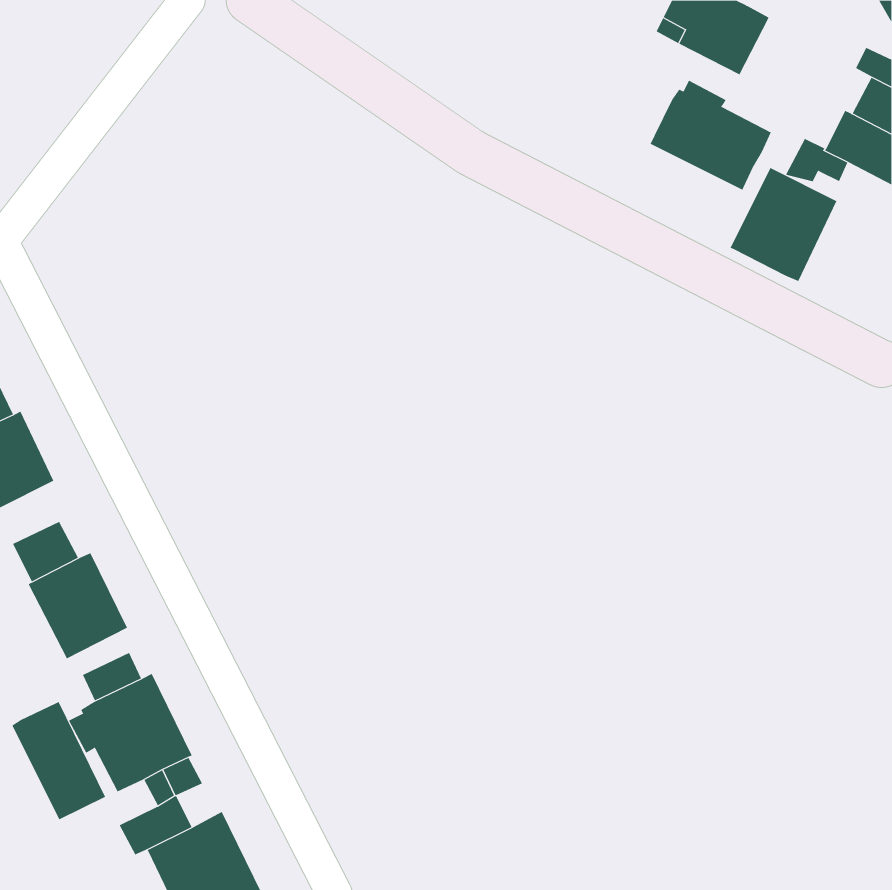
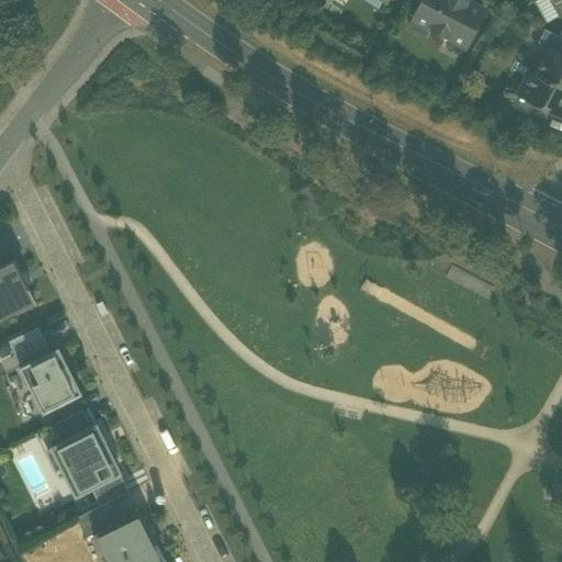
building: [650,80,772,190] -> none
building: [730,167,837,282] -> none
building: [11,701,106,820] -> none

